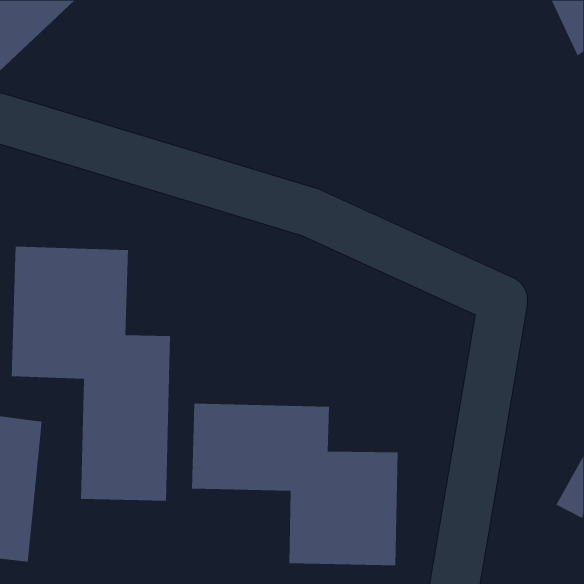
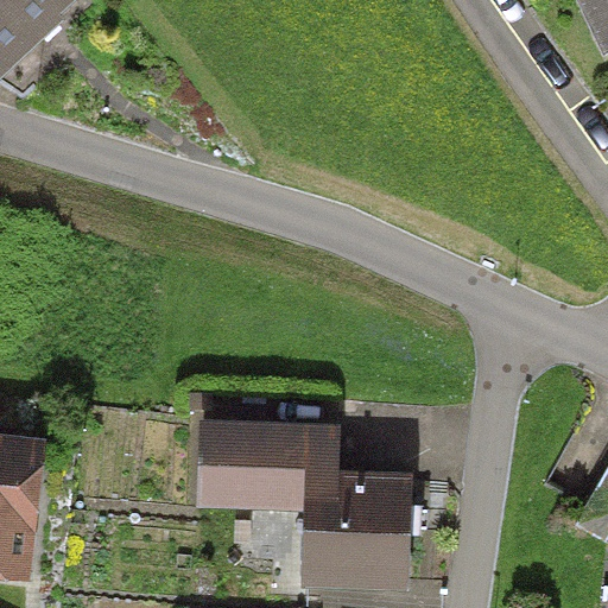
building: [11,246,171,501] -> none

